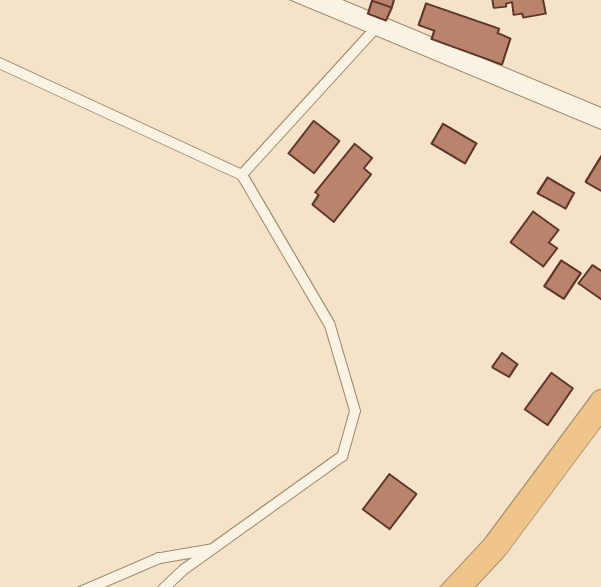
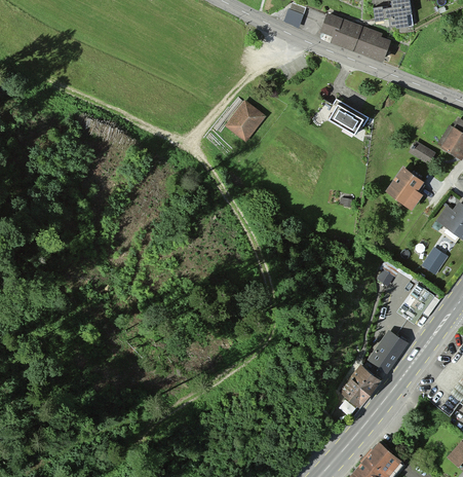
building: [313,144,372,222] -> none
building: [544,261,581,299] -> [420,248,447,276]
building: none -> [370,330,407,371]
building: [363,474,416,529] -> [341,364,380,404]

